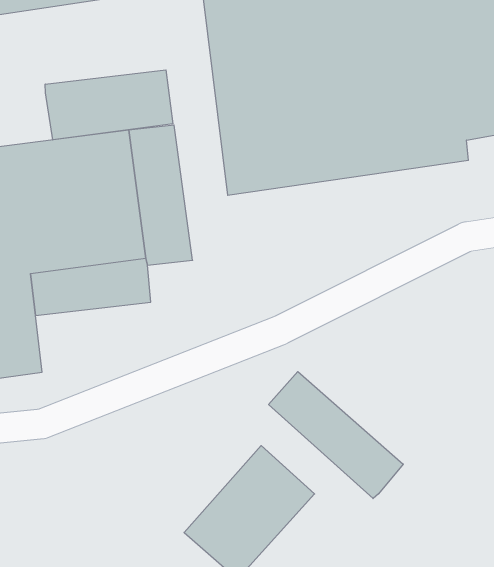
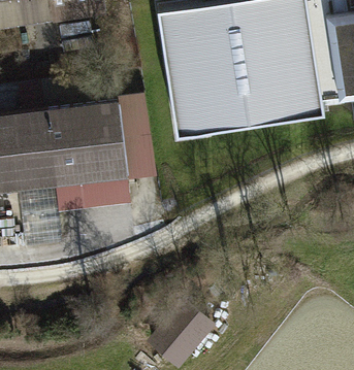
building: [45,70,173,140] -> none
building: [269,372,403,499] -> none

